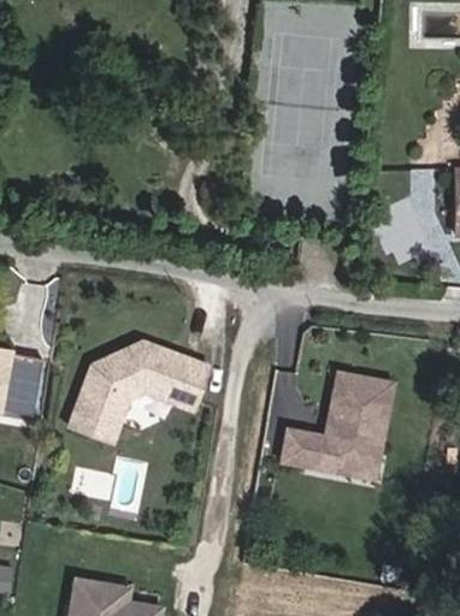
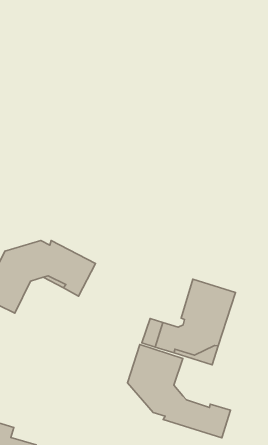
building: none -> [127,344,230,438]

